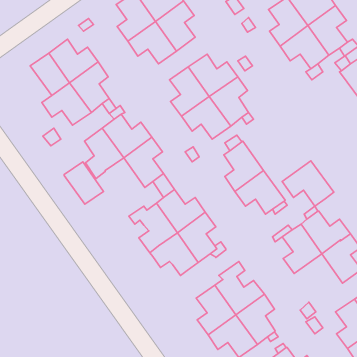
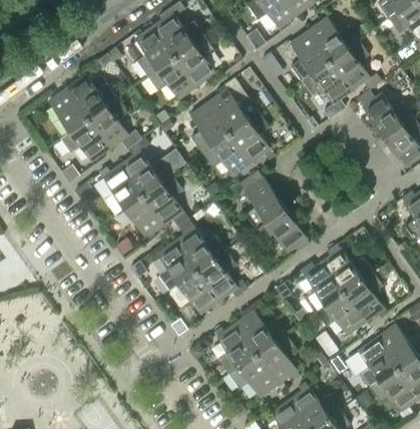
building: [282,161,334,206] -> none
building: [64,162,104,204] -> [124,194,164,238]
building: none -> [316,292,365,335]

